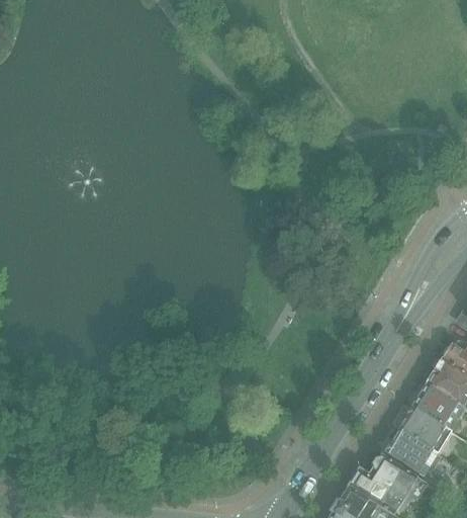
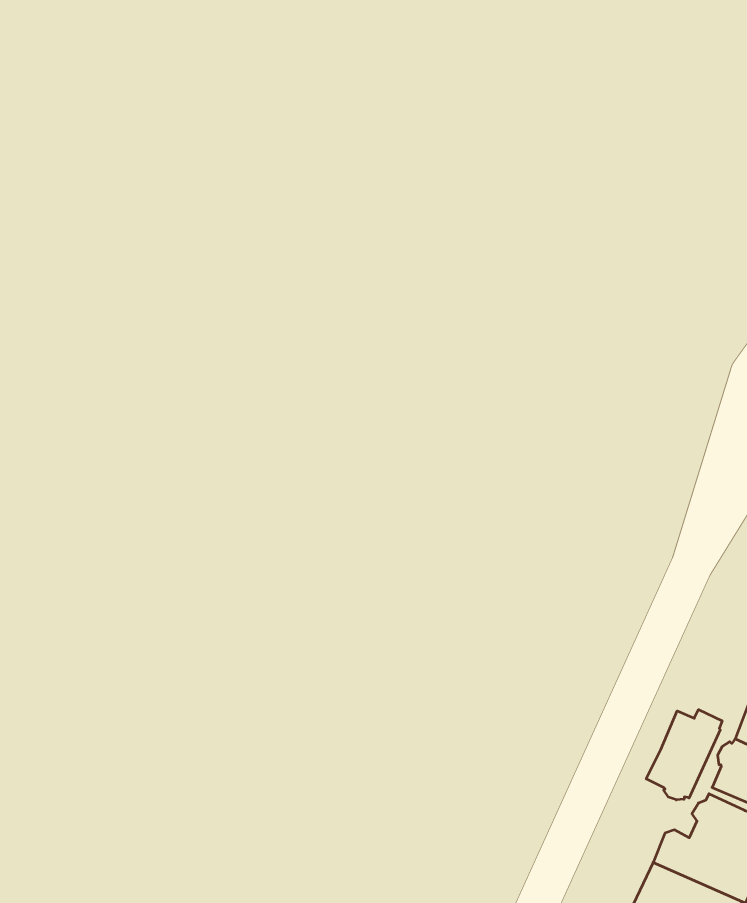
building: none -> [646,710,722,800]

